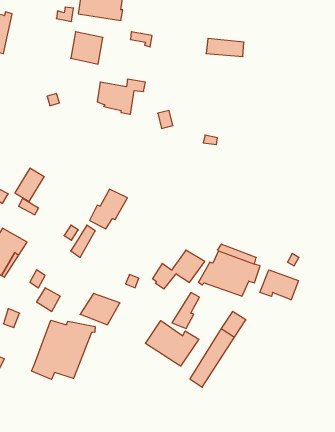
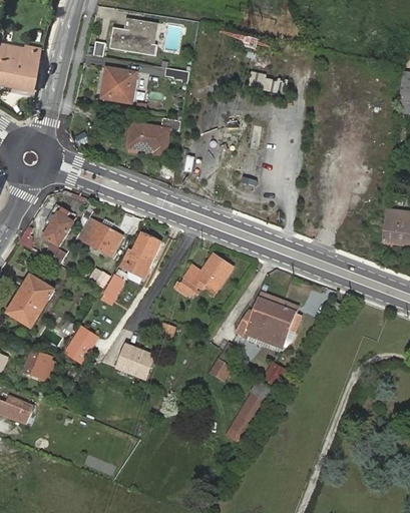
building: none -> [81,220,120,254]
building: [153,250,205,289] -> [177,255,233,297]
building: [260,270,299,300] -> none
building: [32,320,95,379] -> none
building: [145,321,199,366] -> none

